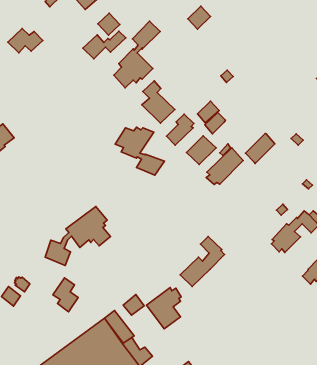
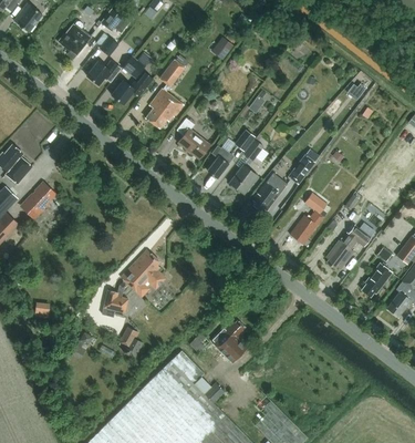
building: [8,29,43,53] -> [86,61,121,85]
building: [115,127,164,175] -> none
building: [180,236,225,287] -> [290,193,331,245]

